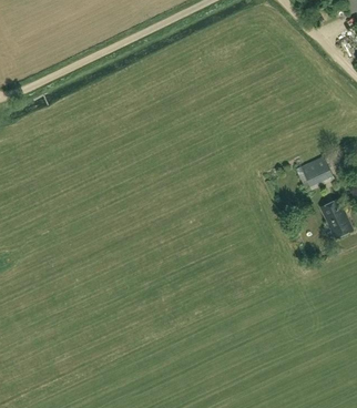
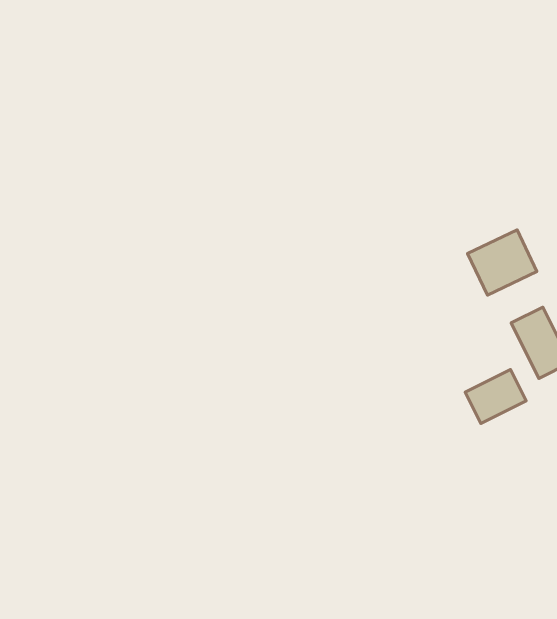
building: none -> [465,369,526,424]

